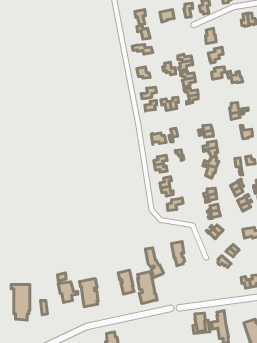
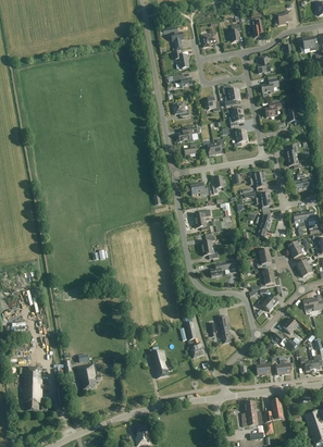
building: [137,271,157,303] -> none
building: [80,279,98,307] -> none

